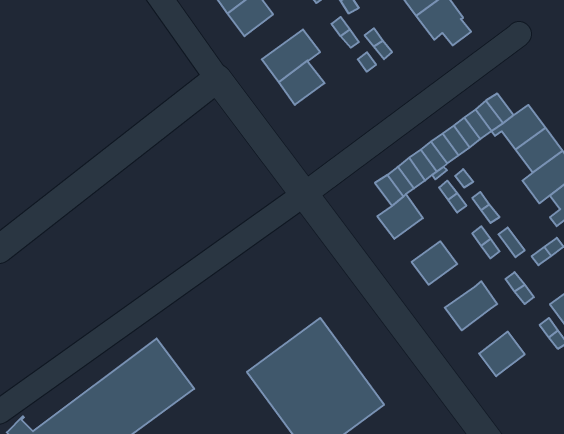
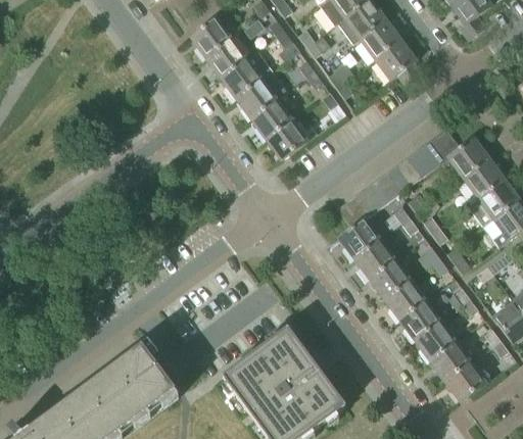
building: none -> [220,50,272,97]
building: none -> [265,118,306,159]
building: none -> [353,239,394,278]
building: none -> [384,280,425,319]
building: none -> [414,320,455,359]
building: none -> [444,360,485,401]

